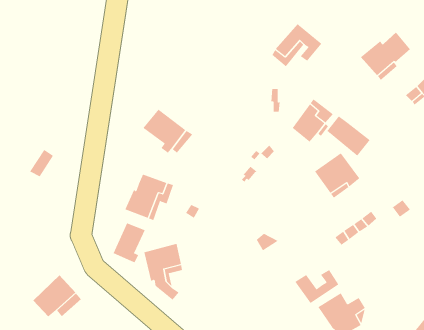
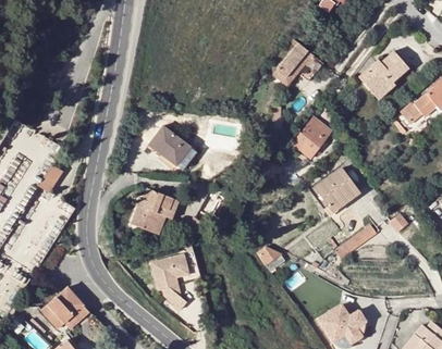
building: [326,115,371,156] -> none
building: [113,222,146,263] -> none
building: [294,269,339,304] -> none

